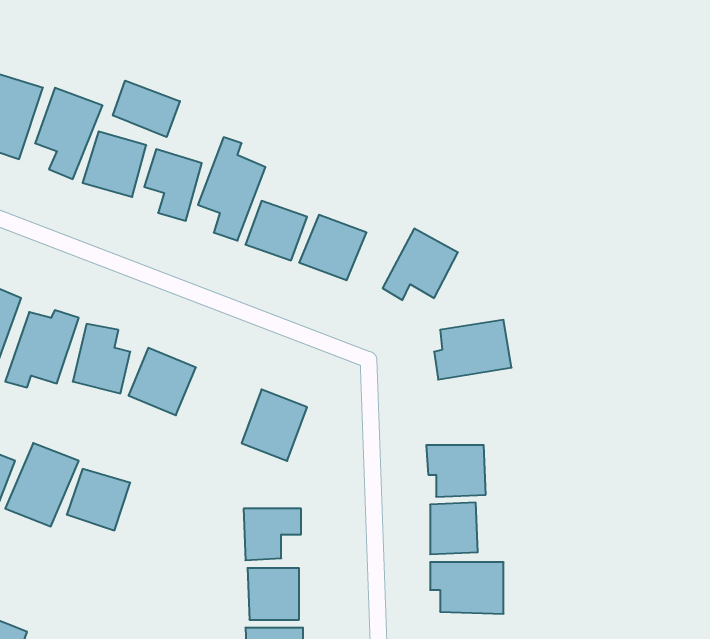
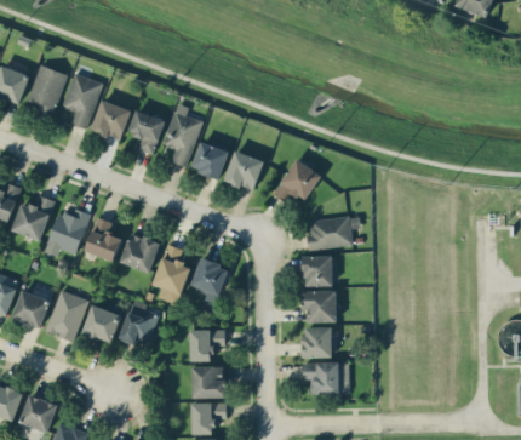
building: [113,81,180,137] -> none
building: none -> [153,244,190,304]
building: none -> [303,256,334,286]
building: none -> [120,299,156,348]

